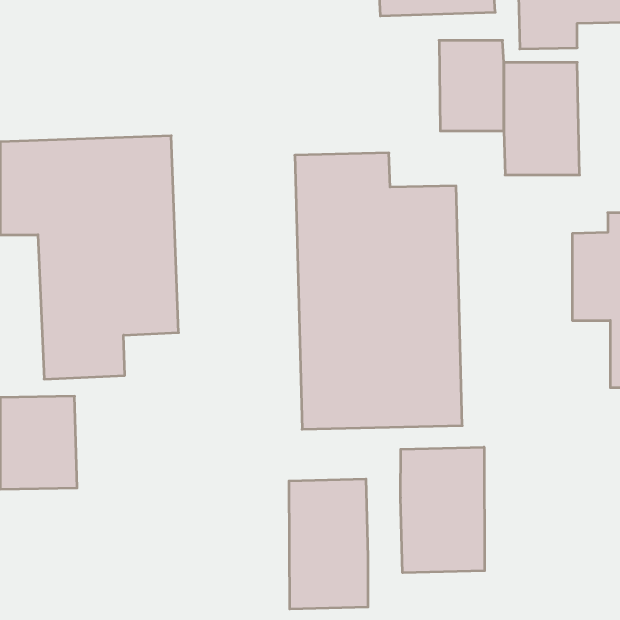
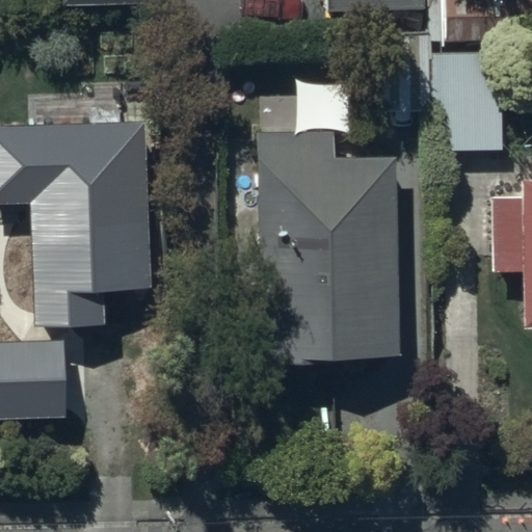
building: [401,447,485,573] -> none
building: [289,479,368,609] -> none

